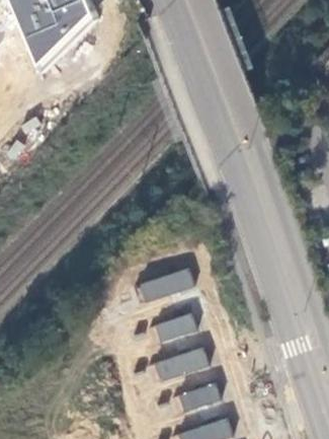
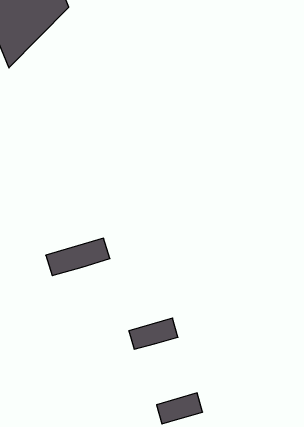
building: [134,267,194,302] -> [46,238,110,276]
building: [154,347,208,381] -> none

